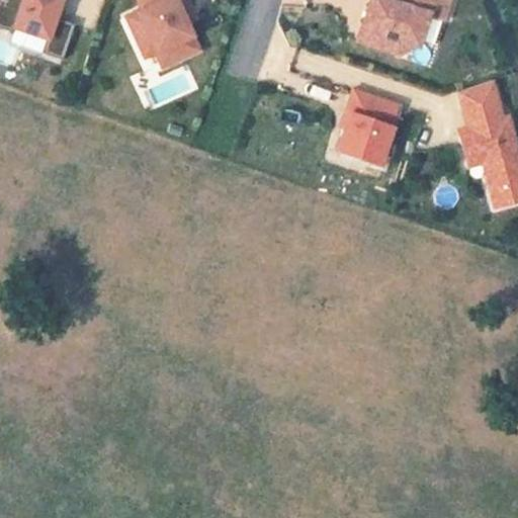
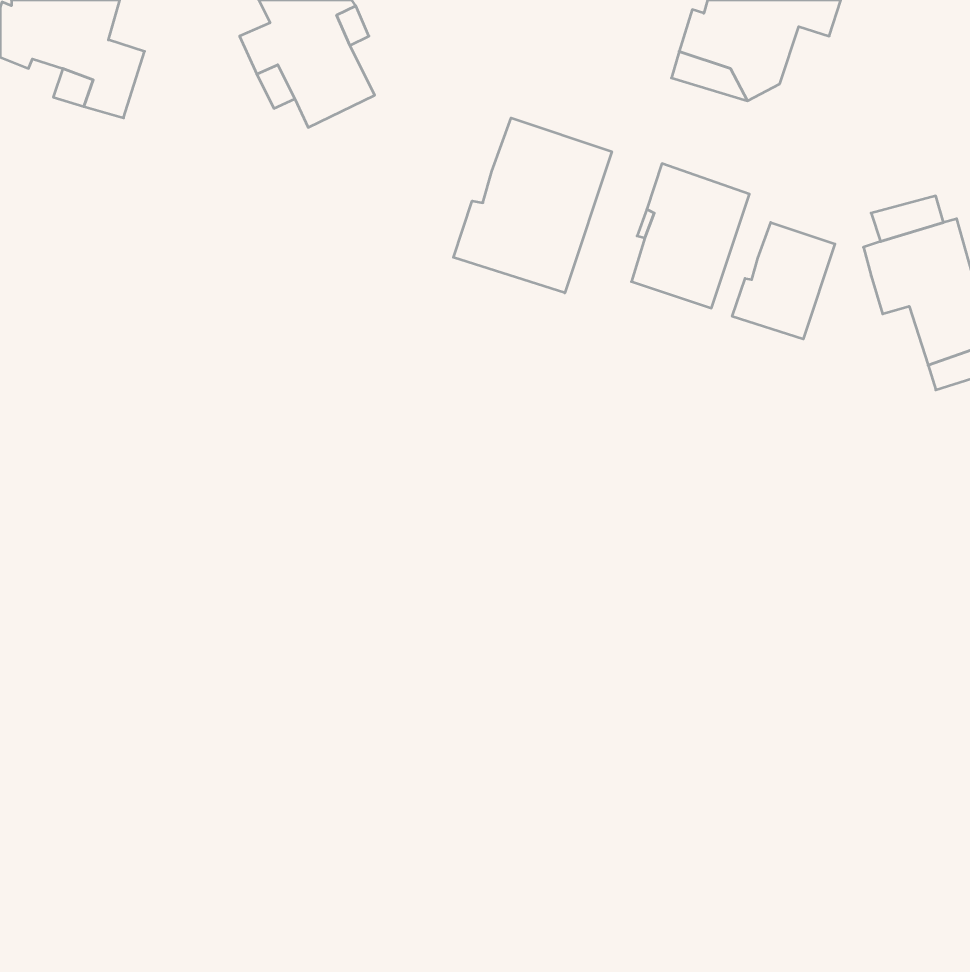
building: none -> [453,118,612,293]
building: [457,79,499,113] -> none
building: none -> [732,222,835,339]

